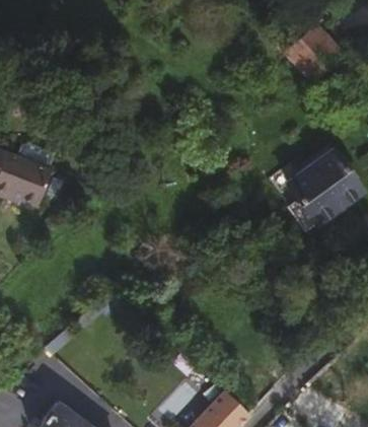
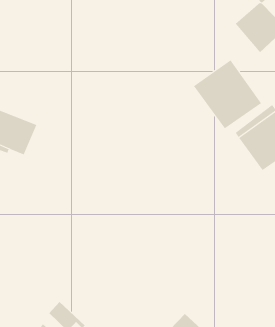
building: none -> [193,60,262,129]

